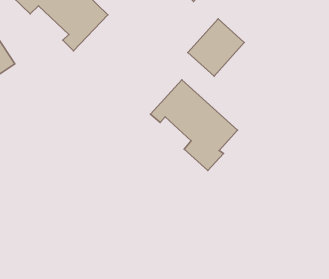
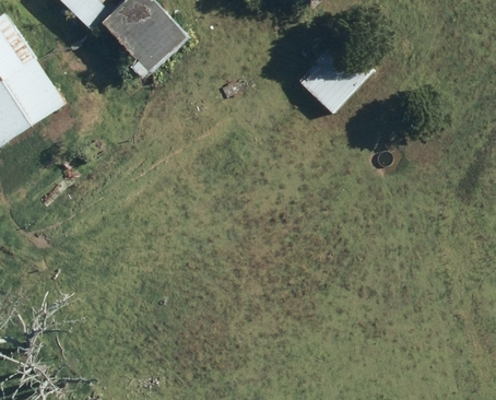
building: [151,80,238,171] -> none

